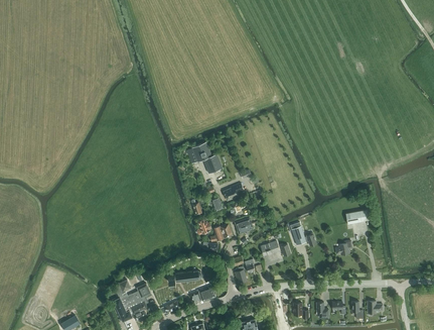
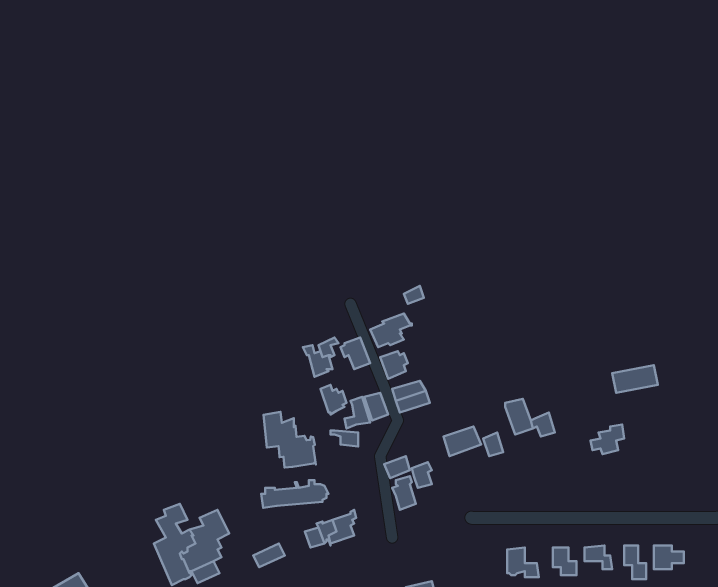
building: [187,142,223,174] -> none
building: none -> [263,412,316,468]

